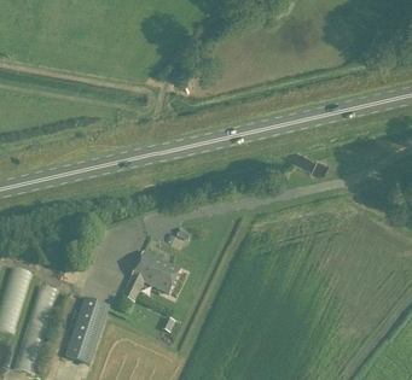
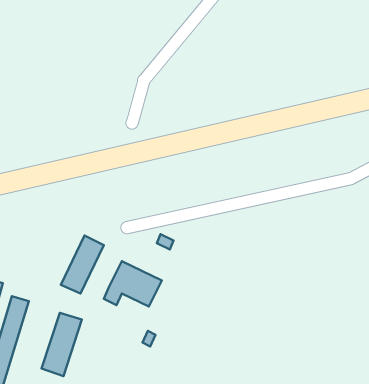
building: none -> [61,235,104,294]

